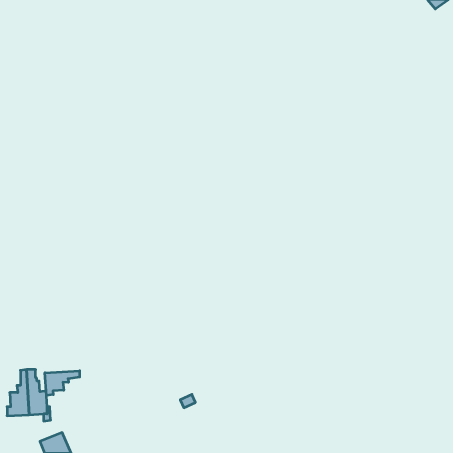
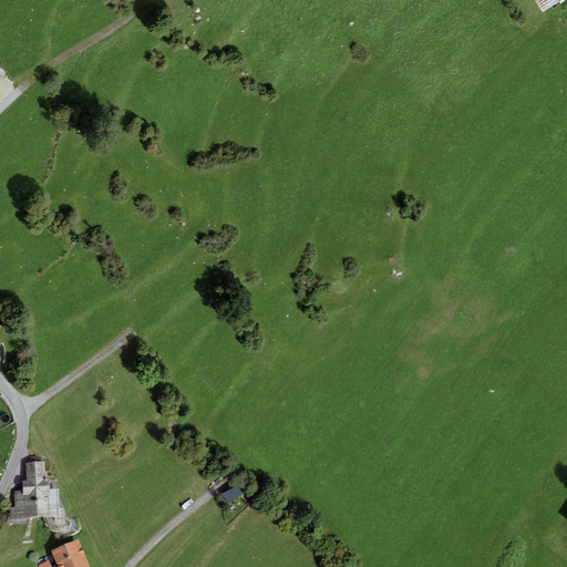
building: [45,371,80,395] -> none

